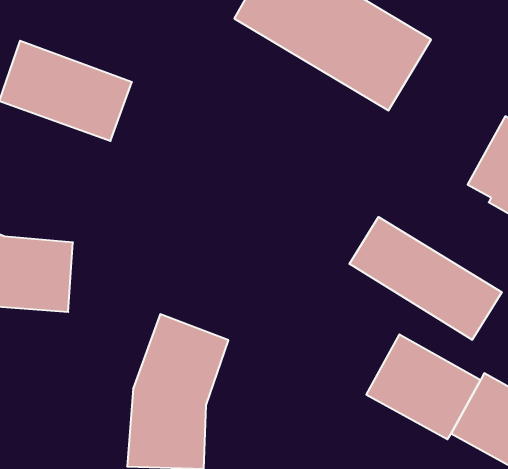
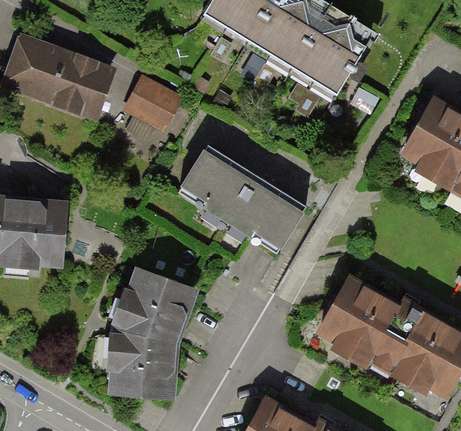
building: none -> [126,78,182,131]
building: none -> [178,147,304,253]
building: [349,217,502,340] -> none

